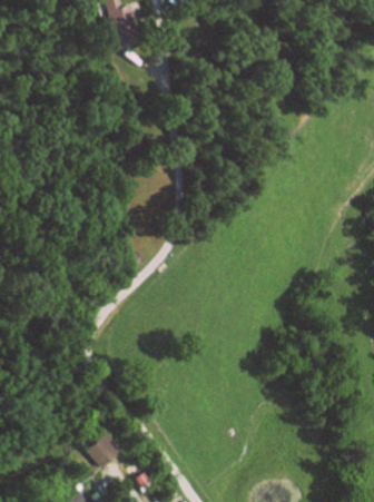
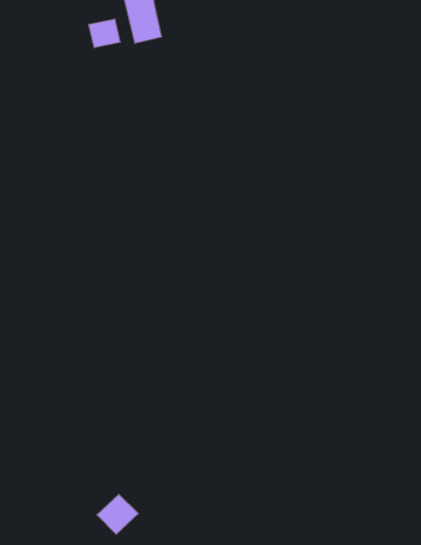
building: none -> [89,19,120,48]

